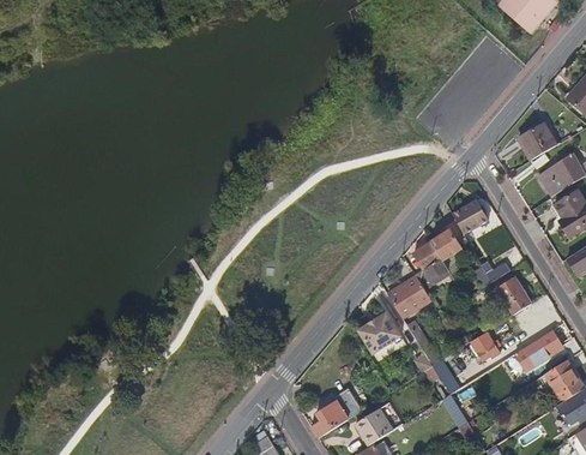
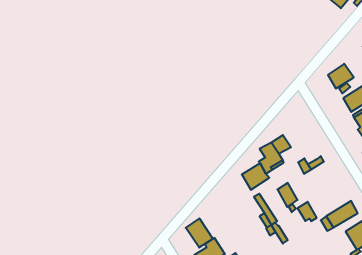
building: [453,199,488,233] -> none
building: [497,279,527,315] -> [277,183,298,207]
building: [367,313,399,346] -> none
building: none -> [186,218,213,248]

